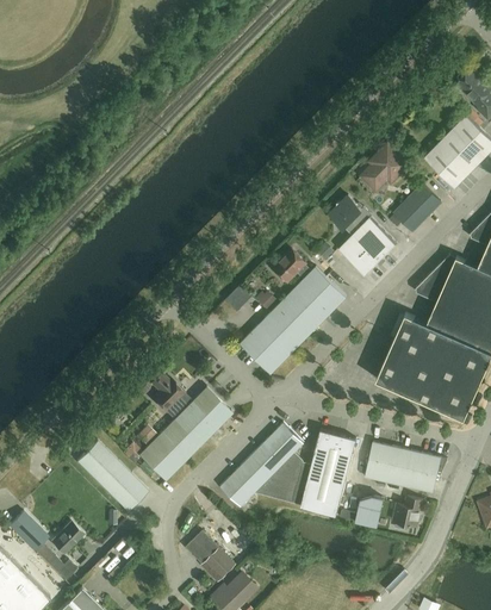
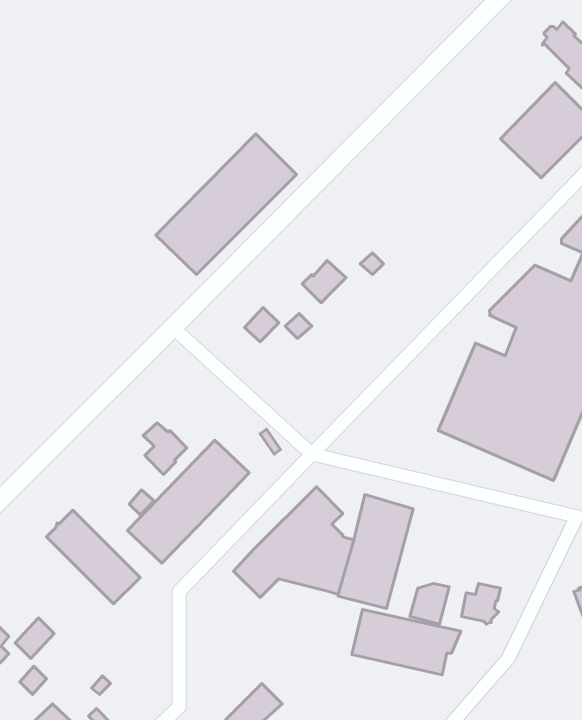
building: [360,145,405,191] -> none
building: [393,185,440,231] -> none
building: [329,195,397,276] -> none
building: [238,267,346,374] -> [156,134,296,274]
building: [363,442,447,492] -> [352,609,461,675]
building: [184,531,235,583] -> none

